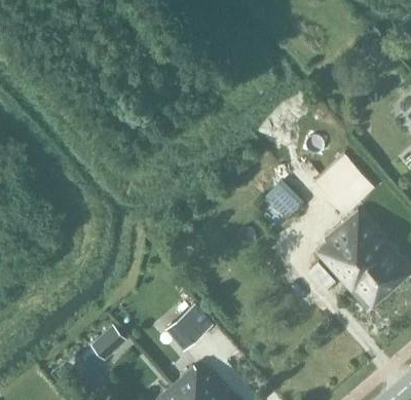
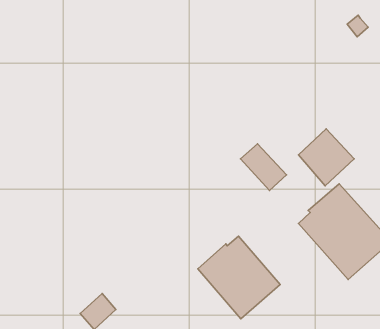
building: none -> [198,236,280,319]
building: [165,310,207,350] -> none

